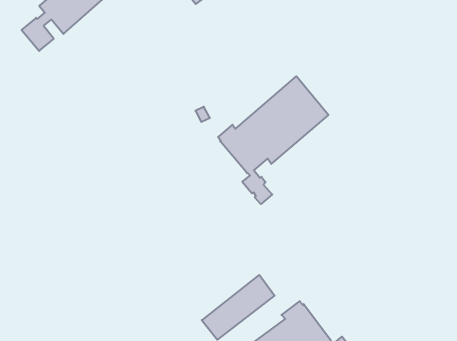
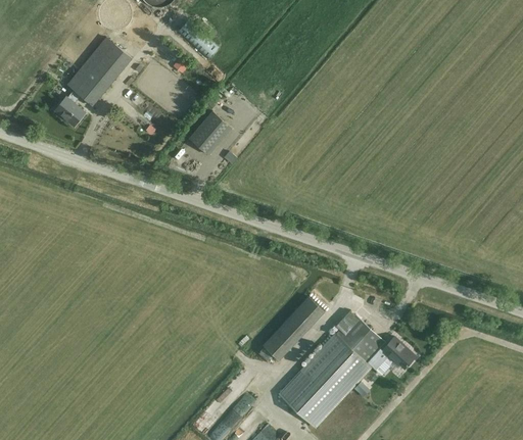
building: none -> [187,111,230,155]
building: [218,76,328,204] -> none

